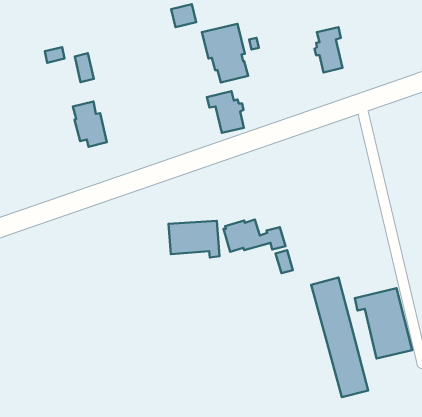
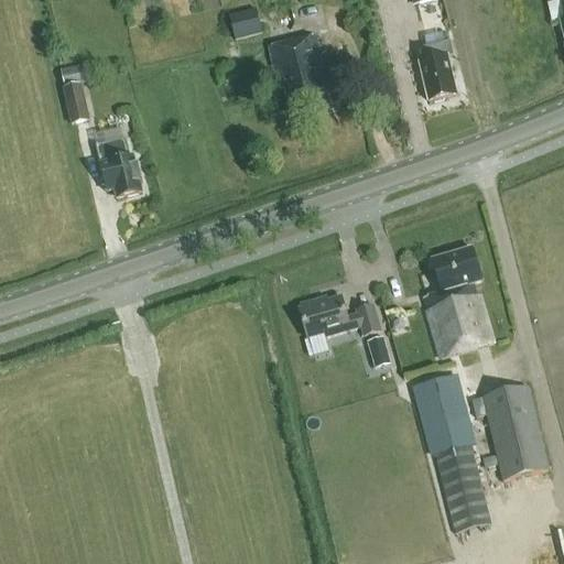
building: [75,53,94,82] -> [62,82,87,120]
building: [207,91,244,133] -> none
building: none -> [423,245,494,354]
building: [168,221,219,257] -> none

